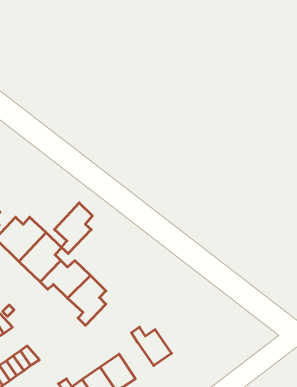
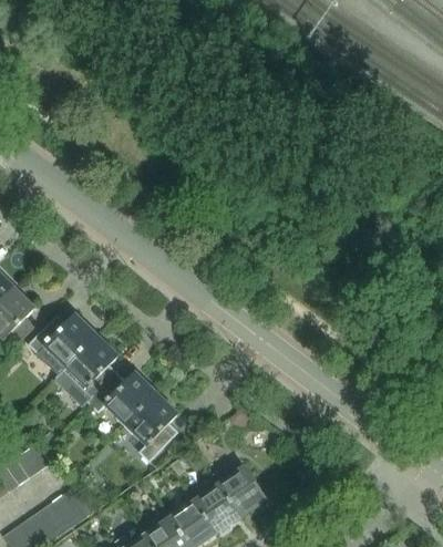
building: [54,203,92,254] -> none
building: none -> [196,483,243,533]

